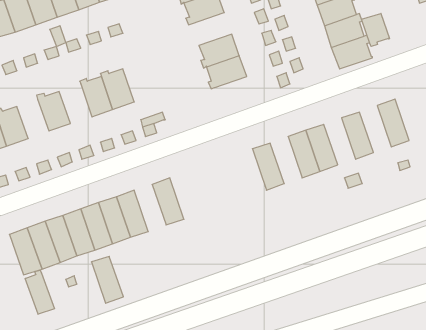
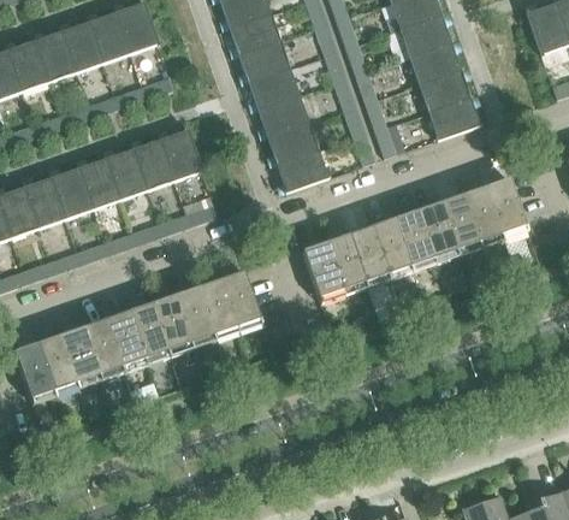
building: none -> [248,66,300,110]
building: [362,13,389,46] -> none
building: none -> [159,128,203,181]
building: none -> [277,148,328,191]
building: none -> [77,158,120,208]
building: none -> [23,177,65,228]
building: none -> [463,185,504,246]
building: none -> [417,201,458,261]
building: none -> [349,225,390,285]
building: none -> [302,241,344,302]
building: none -> [220,270,262,331]
building: [91,256,123,303] -> [174,286,215,347]
building: [25,270,54,314] -> none

